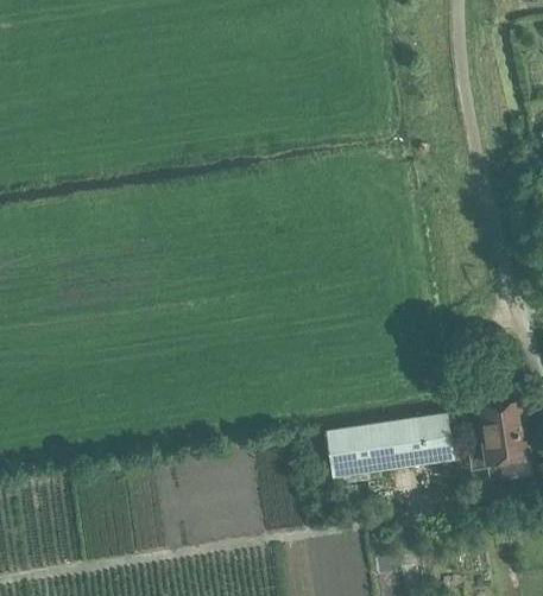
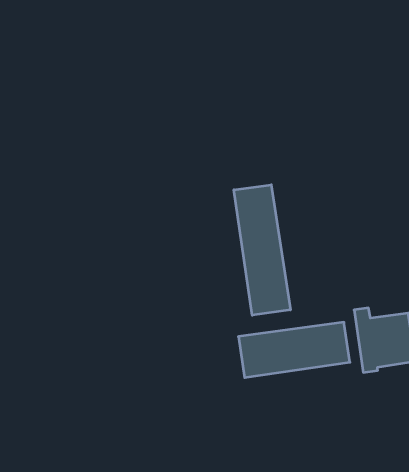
building: none -> [234,185,290,315]

